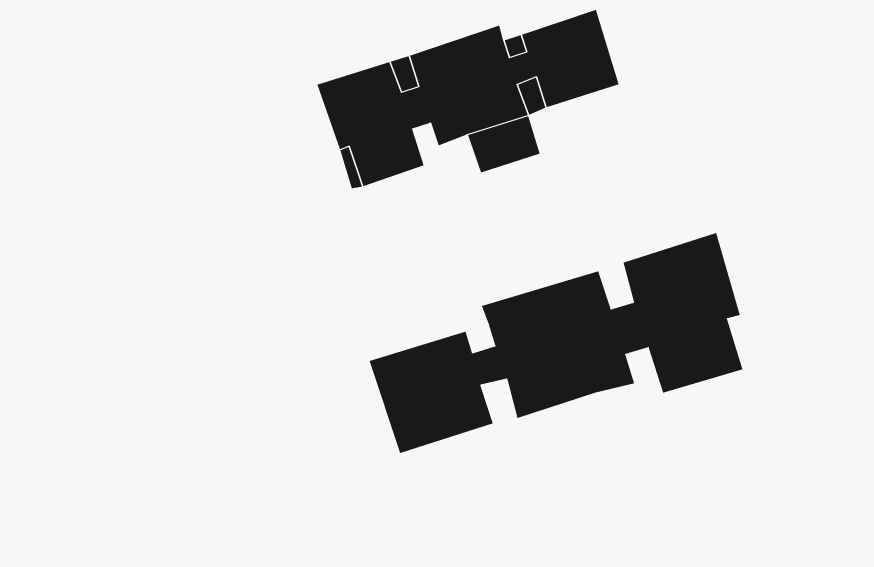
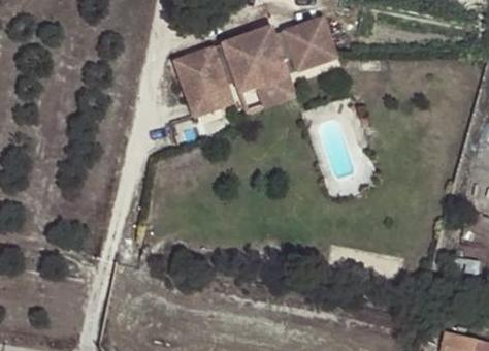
building: [369,232,743,454] -> none

